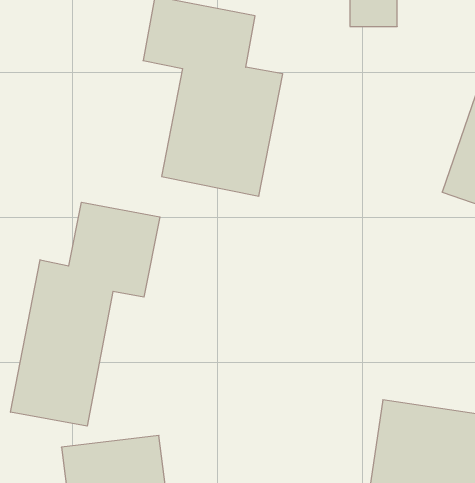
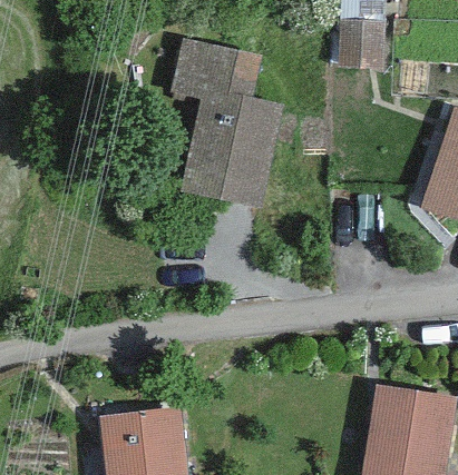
building: [11,202,160,426] -> none

